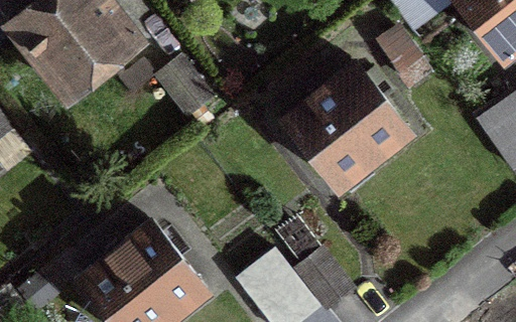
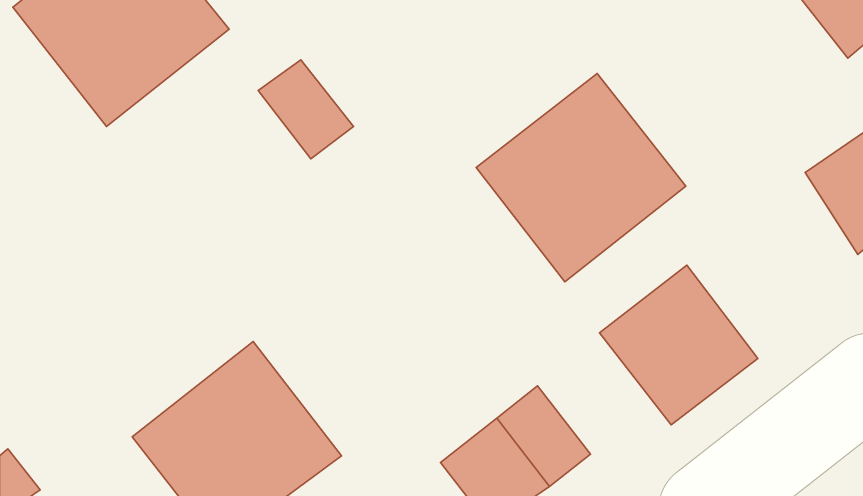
building: none -> [600,265,758,425]

